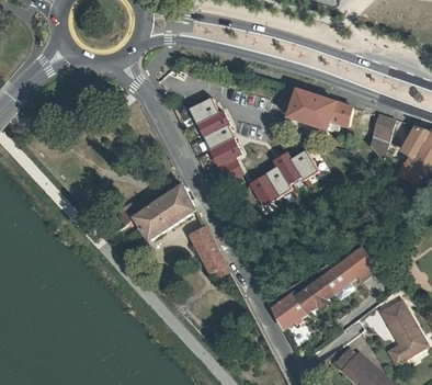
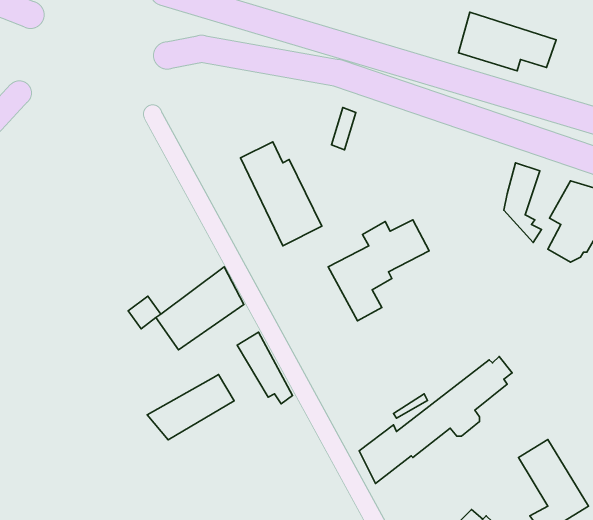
building: [285,87,351,126] -> [459,12,556,71]
building: none -> [147,374,234,440]

